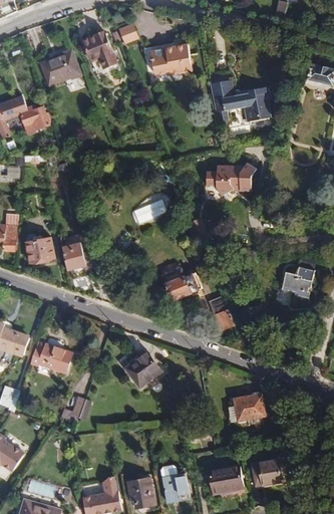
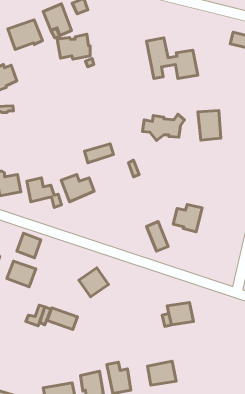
building: [150,43,191,73] -> [57,34,90,59]
building: none -> [198,111,221,140]
building: [281,266,316,299] -> [173,204,202,232]
building: [161,267,202,300] -> [61,175,94,202]
building: none -> [17,233,41,258]
building: none -> [47,308,78,329]
building: [251,458,283,485] -> none

